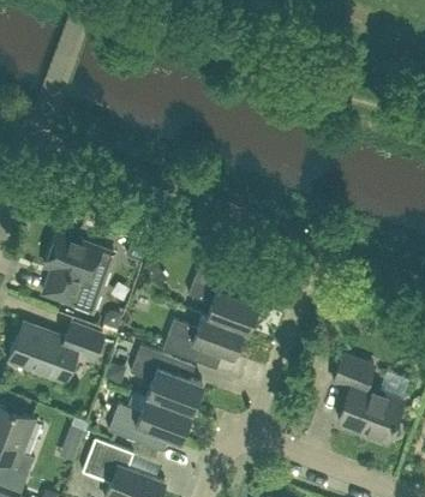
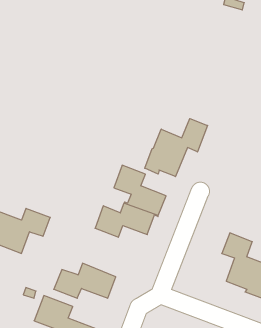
building: none -> [145,119,208,177]
building: [44,233,103,305] -> none
building: [131,346,203,414] -> none

